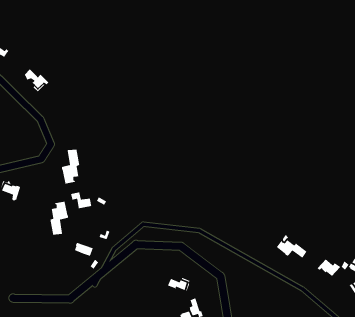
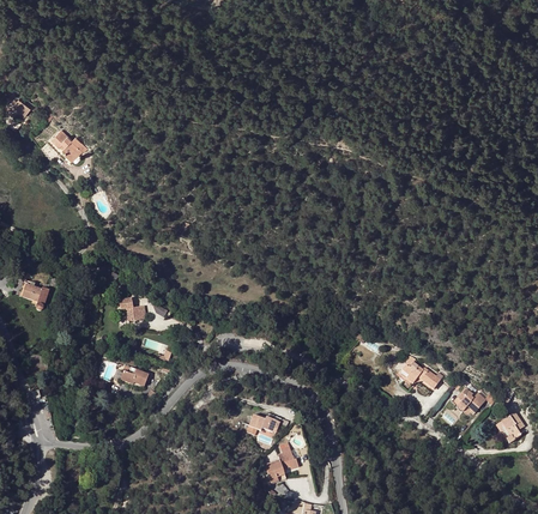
building: [61,149,80,185] -> none
building: [50,201,69,235] -> none

